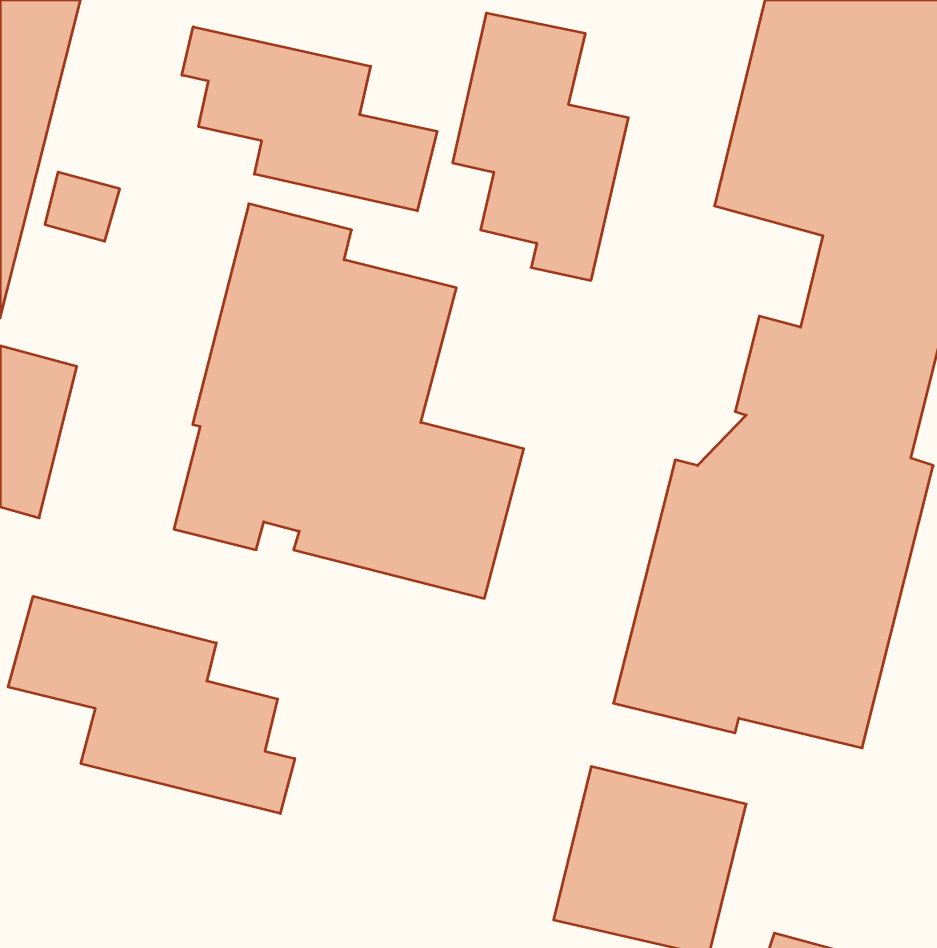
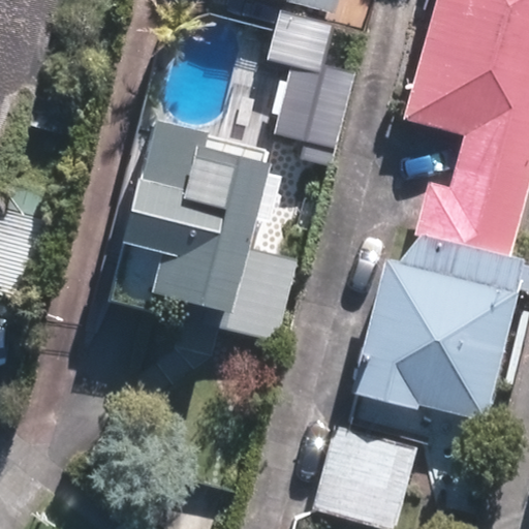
building: [182,27,437,211] -> none
building: [8,596,295,814] -> none

